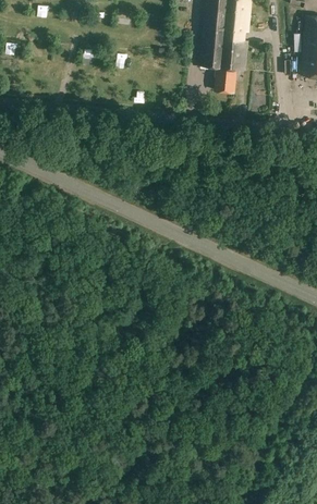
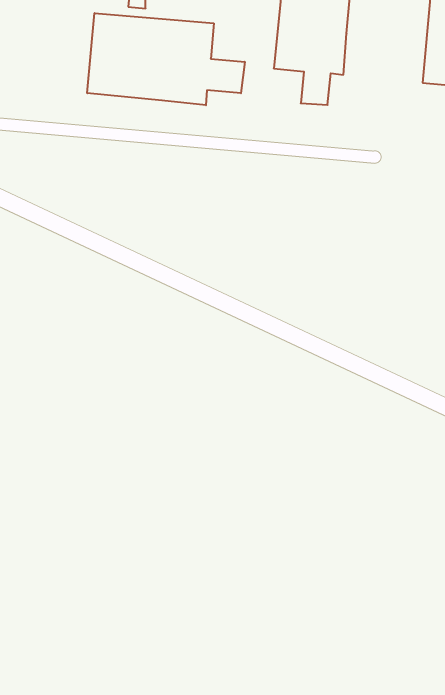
building: none -> [87,13,245,105]

